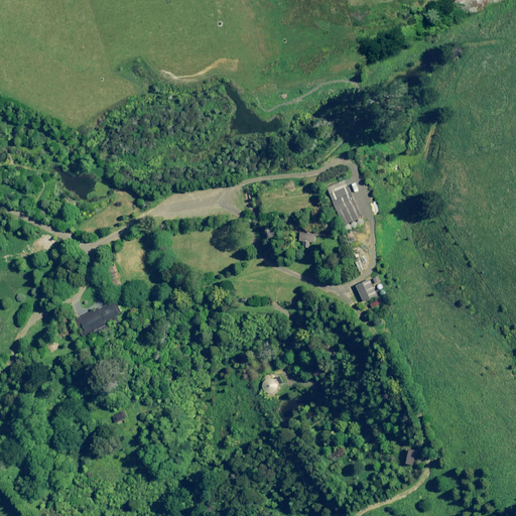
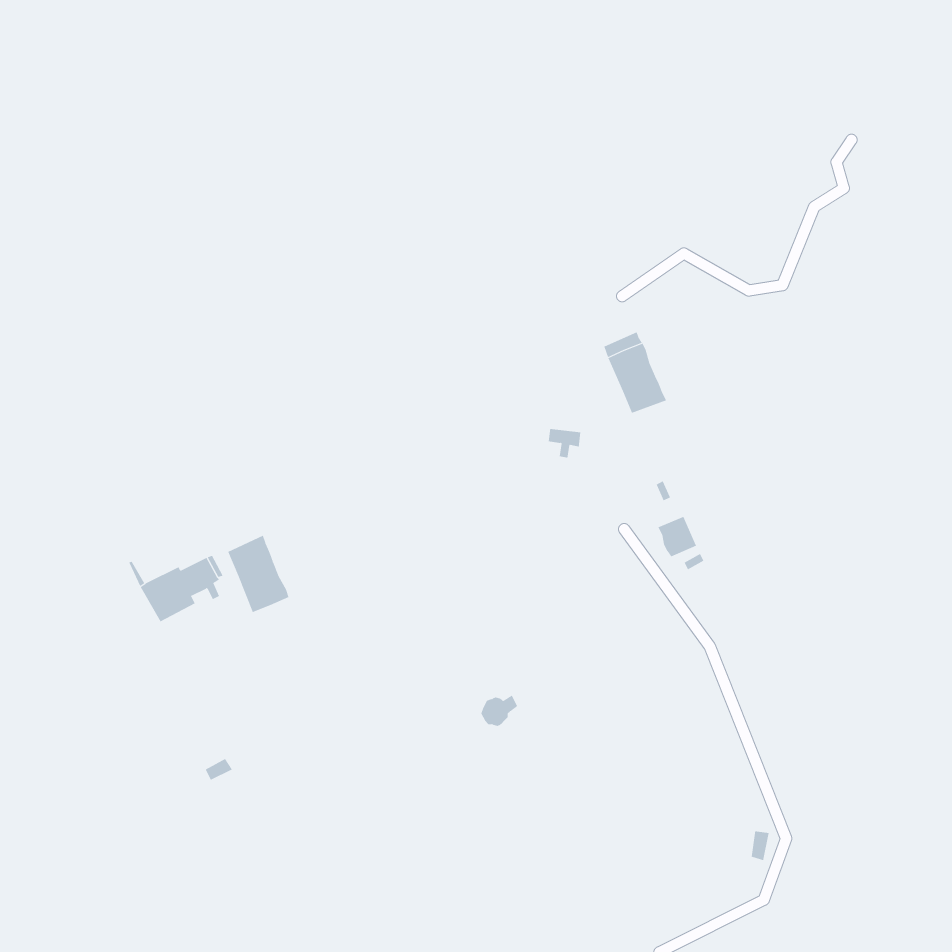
building: none -> [228,535,289,613]

